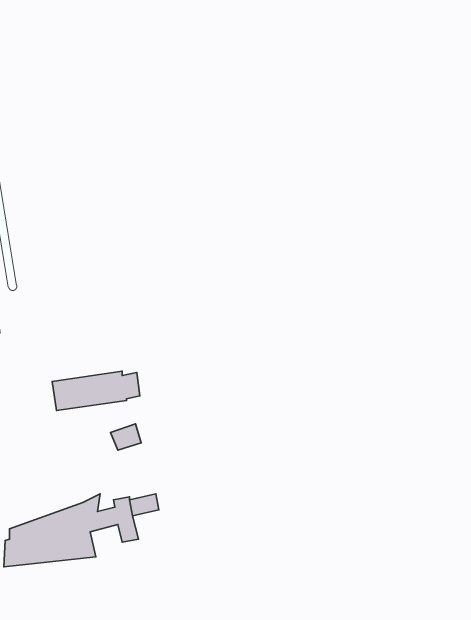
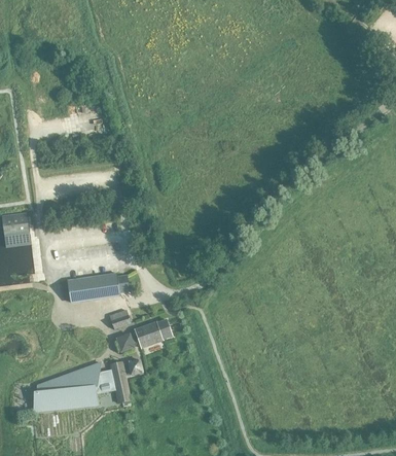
building: none -> [116,320,171,352]

